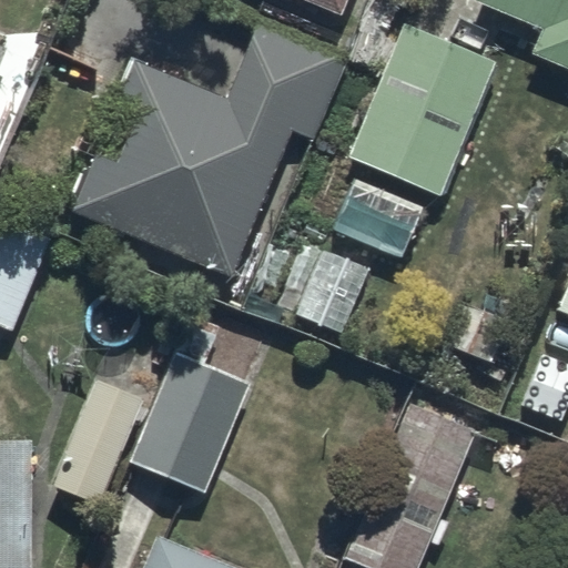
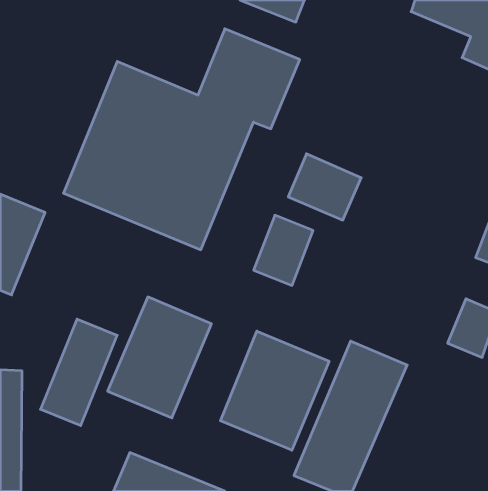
building: [353,34,499,205] -> none
building: none -> [220,331,329,450]

